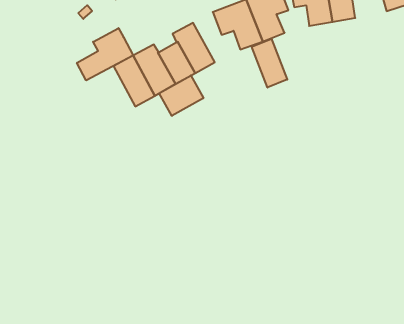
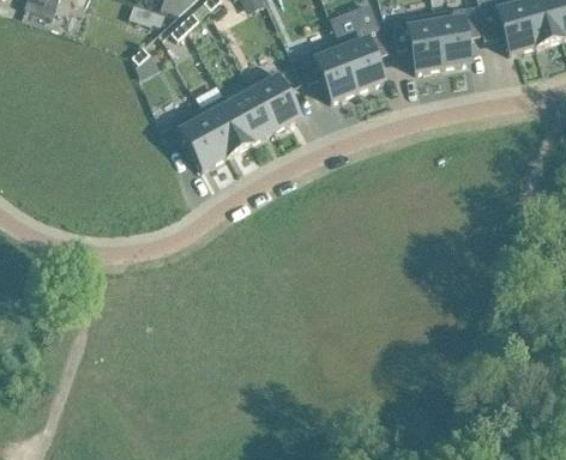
building: [77,28,133,80] -> none
building: [251,38,287,88] -> none
building: [159,75,203,116] -> none

